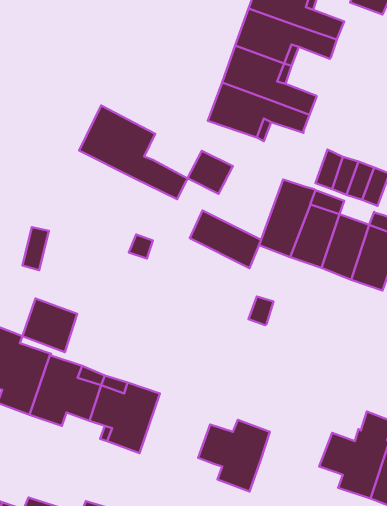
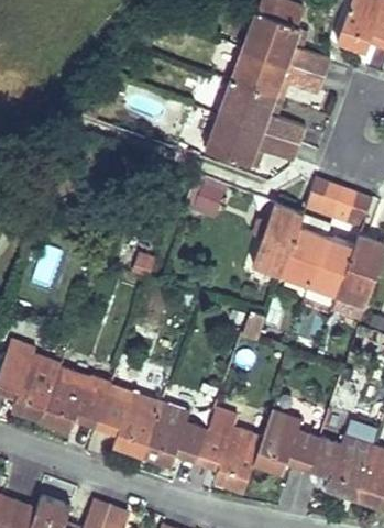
building: [79,105,188,199] -> none
building: [190,211,261,268] -> none
building: [22,299,77,352] -> none
building: none -> [143,402,208,466]
building: none -> [254,409,320,473]

